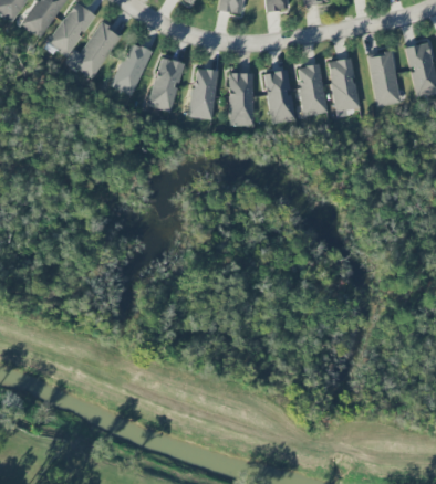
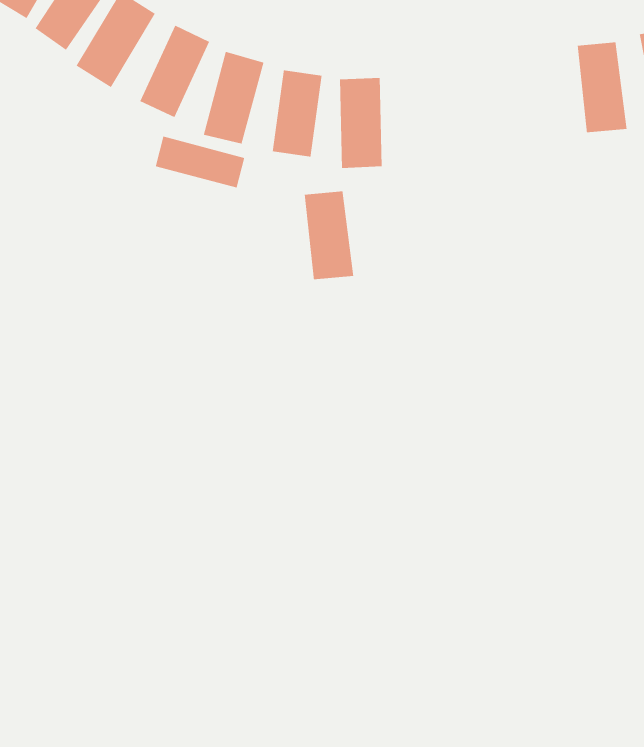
building: [328,57,360,117] -> none
building: [297,63,328,116] -> none
building: [266,70,295,123] -> [304,190,354,280]
building: none -> [155,136,245,189]

